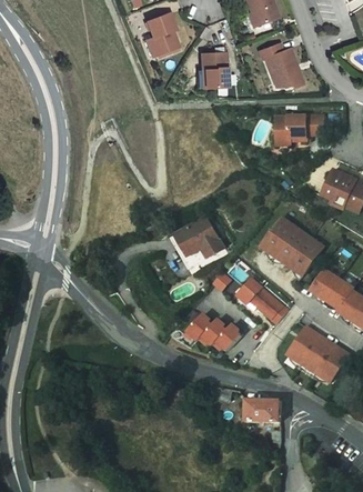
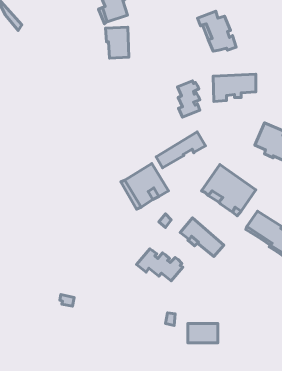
building: [200,51,226,87] -> [105,27,129,58]
building: none -> [177,81,200,117]
building: none -> [156,132,205,168]
building: [289,327,350,382] -> none

